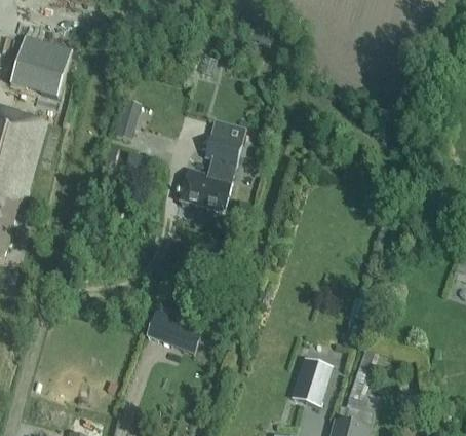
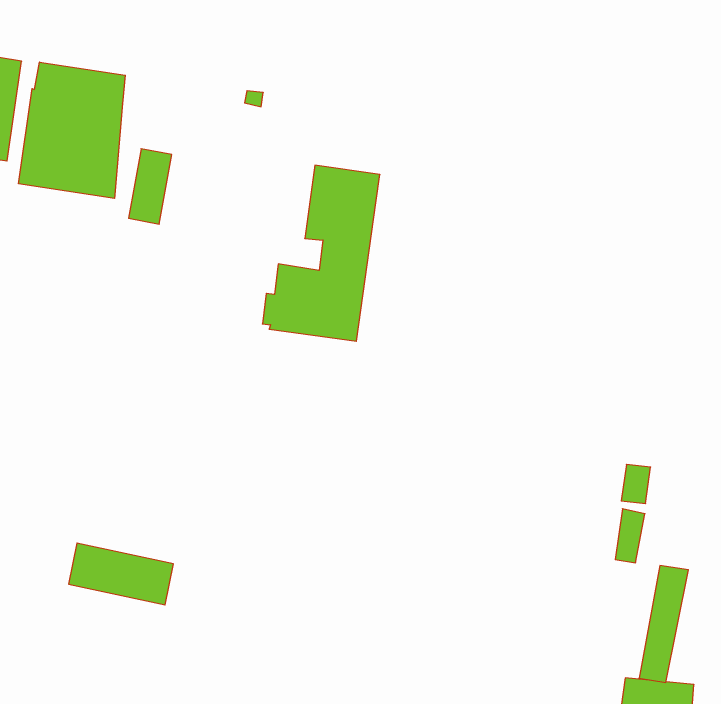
building: none -> [19,62,125,198]
building: [148,316,203,354] -> [69,543,173,605]
building: [299,358,332,406] -> none

